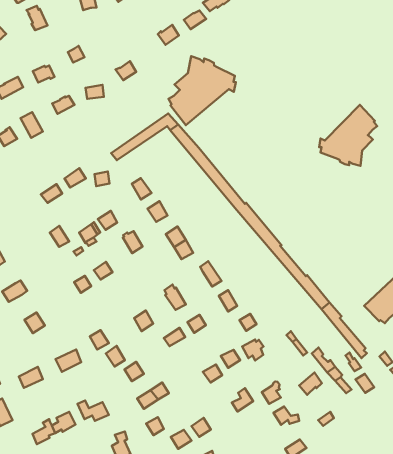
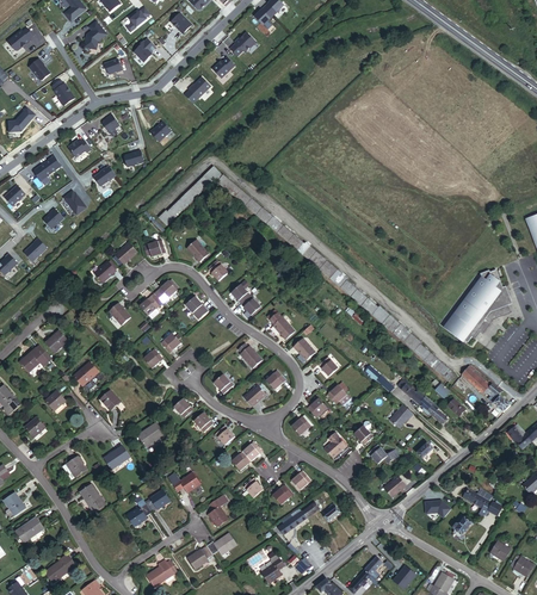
building: [169,56,236,125] -> none
building: [319,105,377,166] -> none

